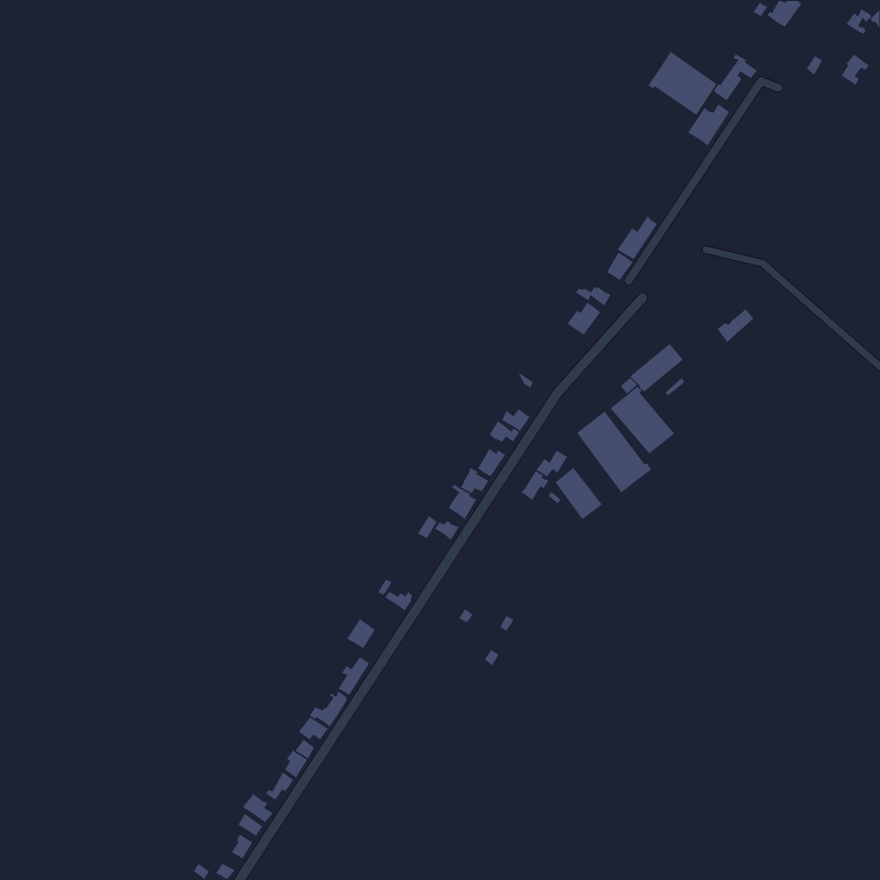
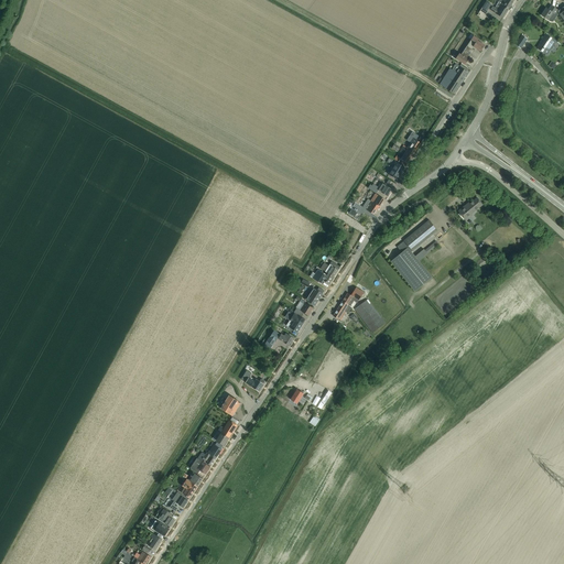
building: [648,51,717,116] -> none
building: [576,410,652,494] -> none

